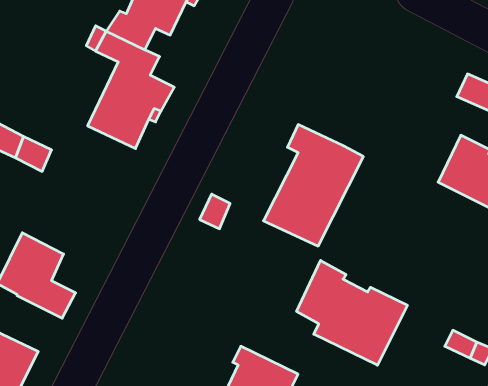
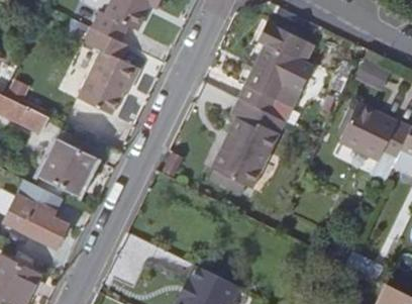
building: none -> [236,21,313,114]
building: none -> [43,139,95,195]
building: [297,260,407,365] -> none

